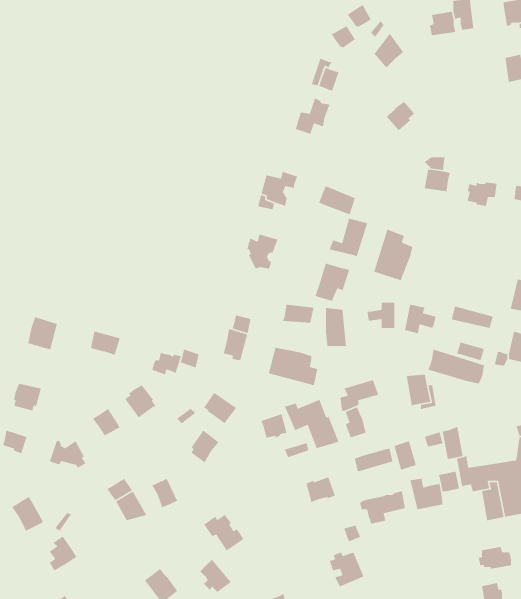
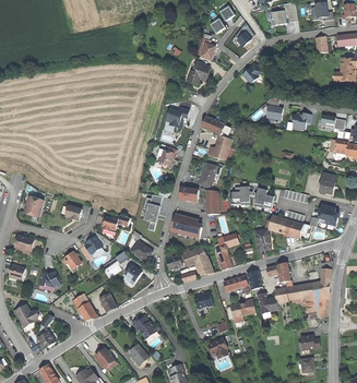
building: [373,229,413,281] -> none

